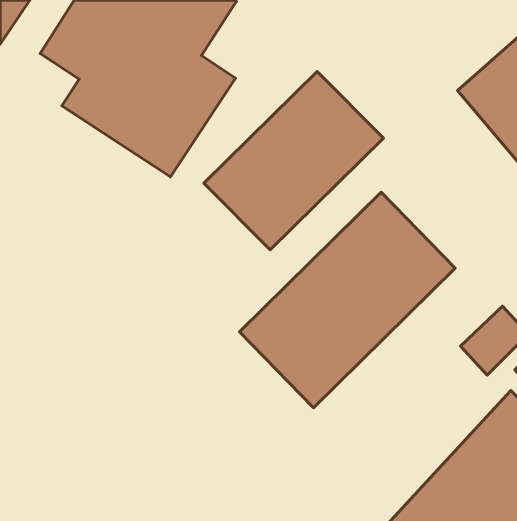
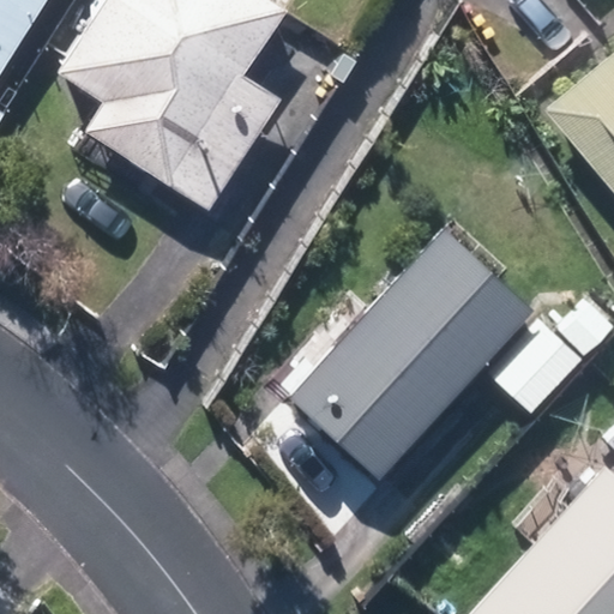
building: [204,71,384,250] -> none

